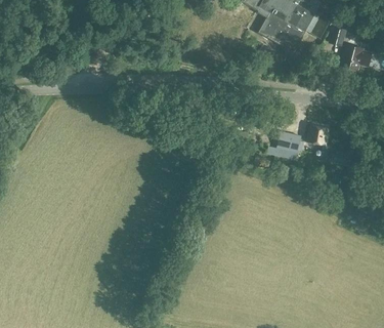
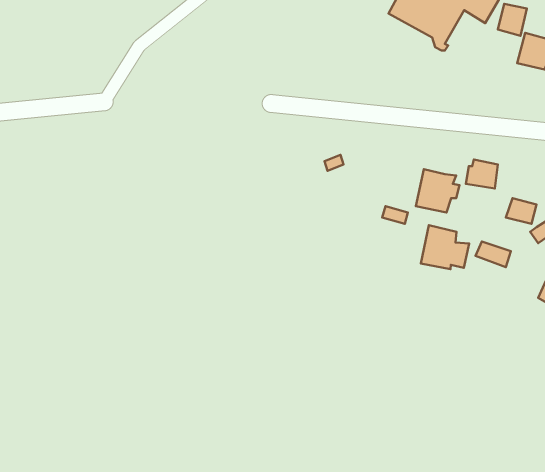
building: none -> [421,225,469,269]

